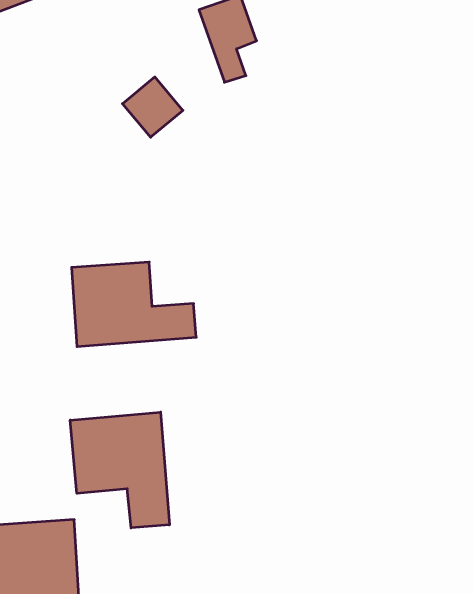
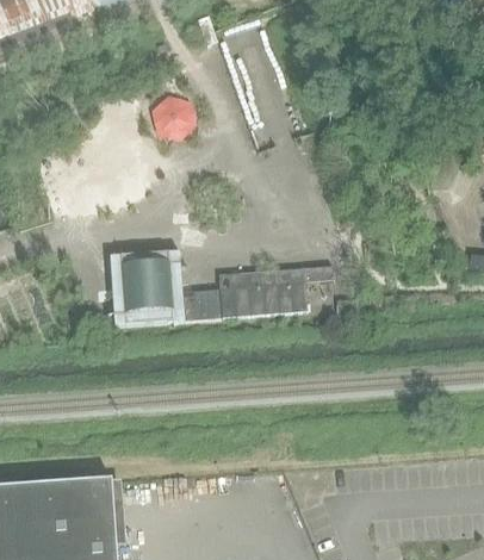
building: none -> [217,266,331,317]
building: [70,412,169,528] -> none

